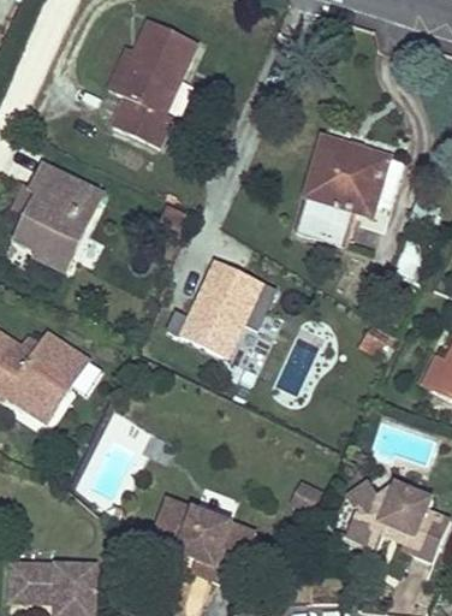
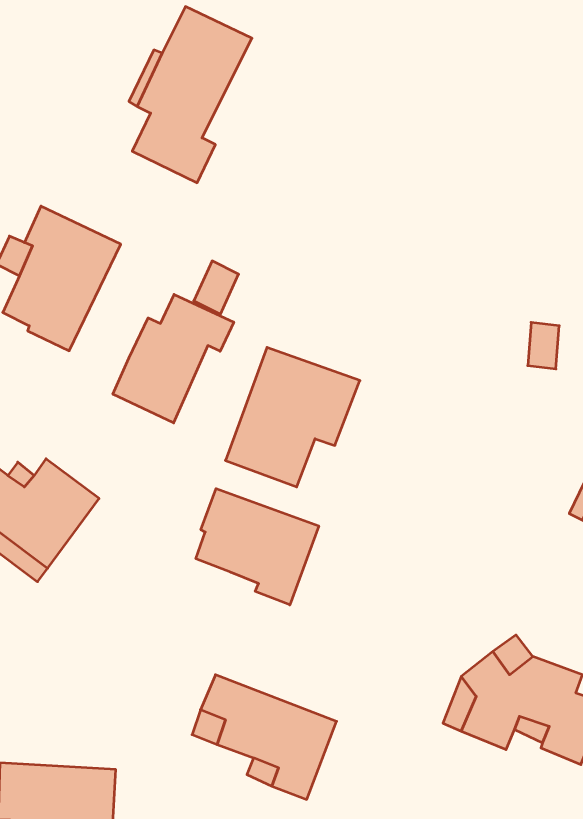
building: [296,136,387,243] -> none
building: none -> [113,294,234,423]
building: none -> [196,489,319,605]

